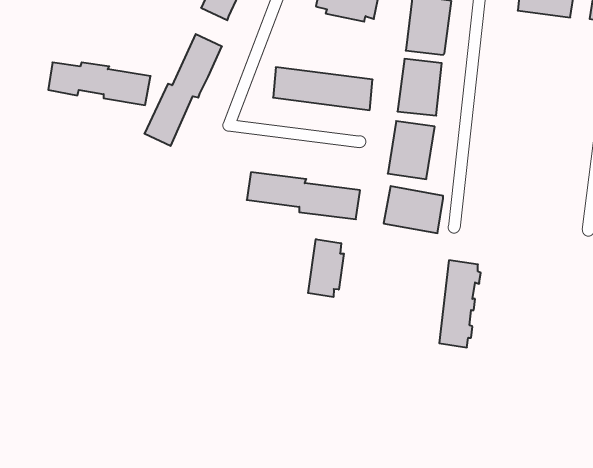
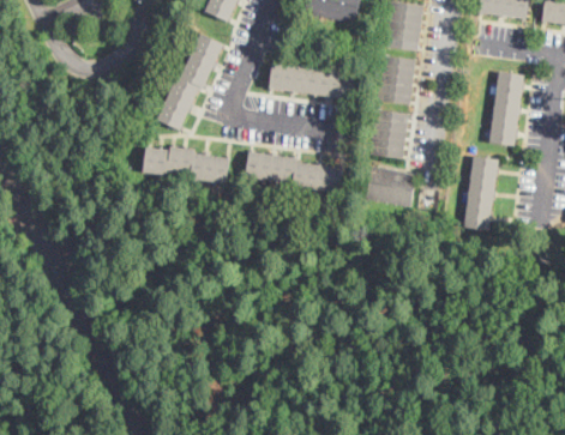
building: [48,62,151,105] -> [142,147,230,185]
building: none -> [487,71,524,146]
building: [308,239,344,297] -> none
building: [439,260,481,347] -> [463,156,499,231]

